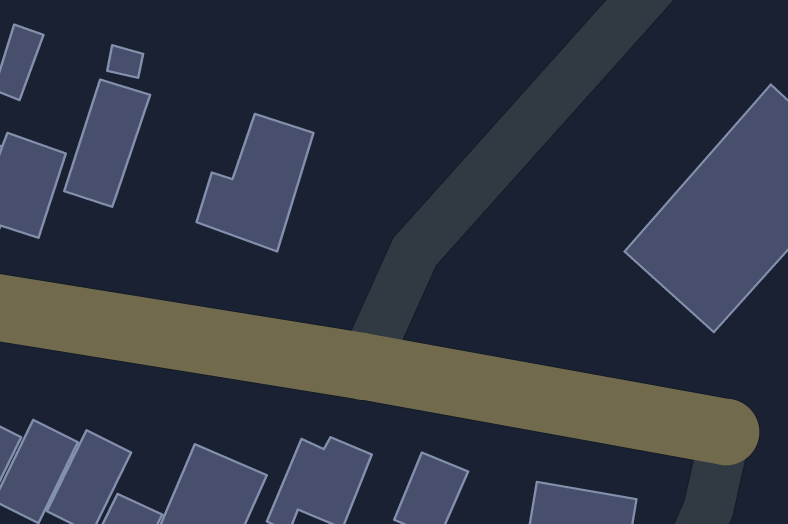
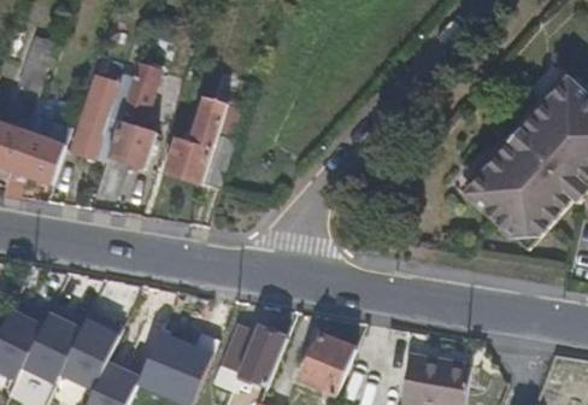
building: none -> [106,60,164,168]

